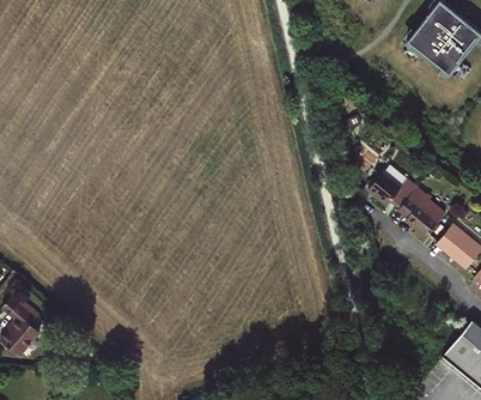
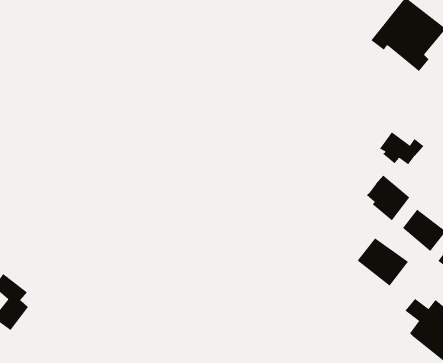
building: [370,171,418,207] -> [379,131,424,165]
building: none -> [357,238,409,287]

